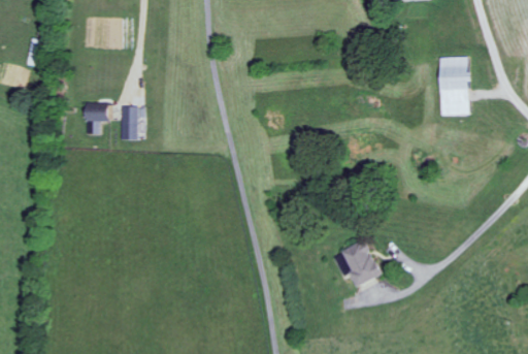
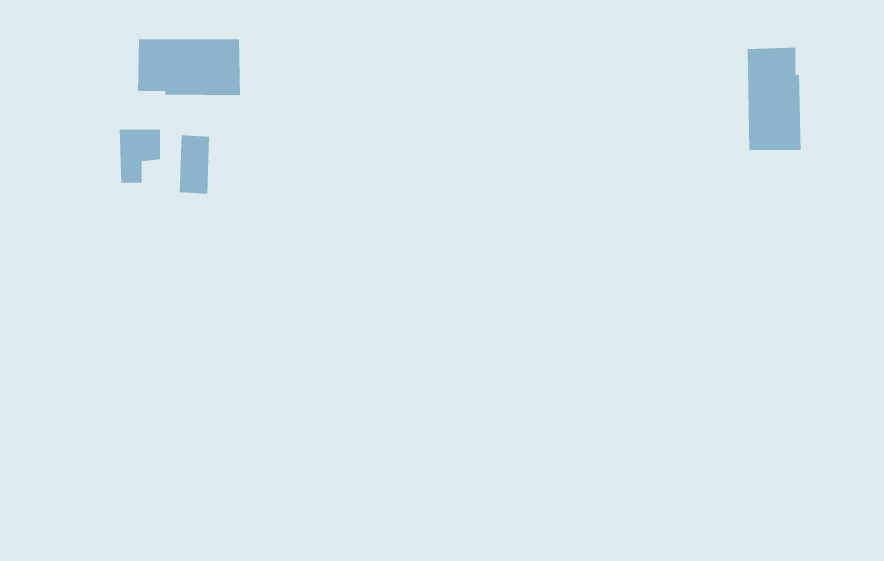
building: none -> [137,38,241,96]
building: [332,240,382,288] -> none

